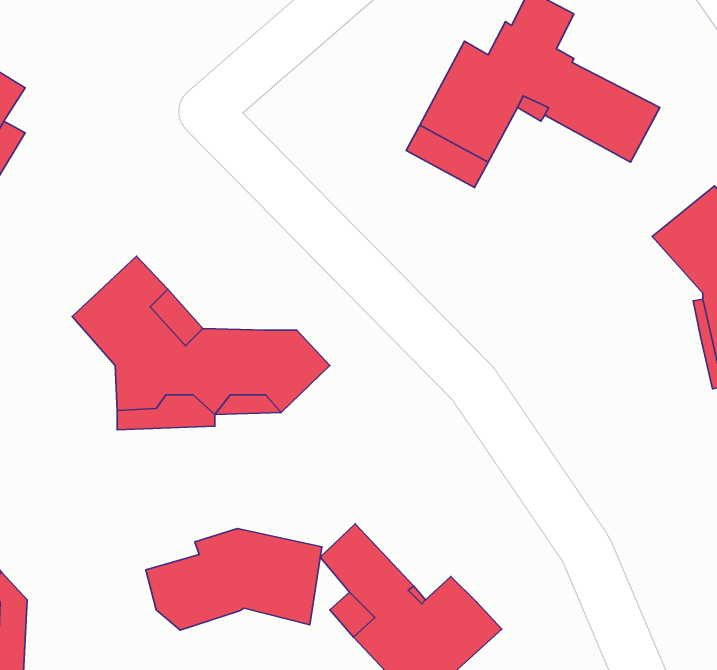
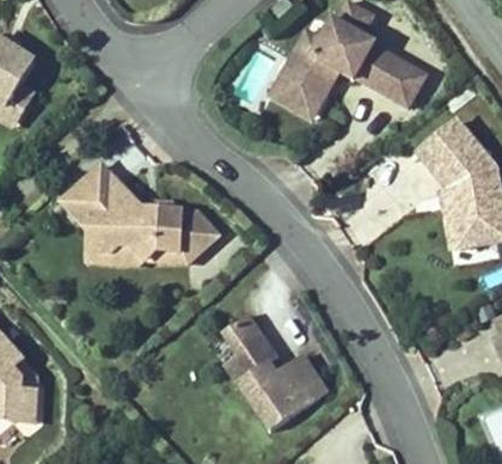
building: [146,528,322,630] -> none

